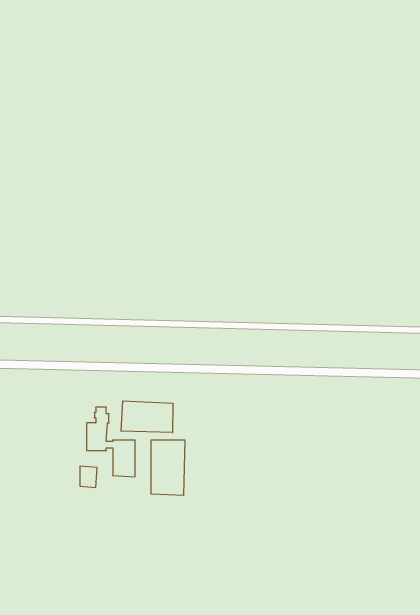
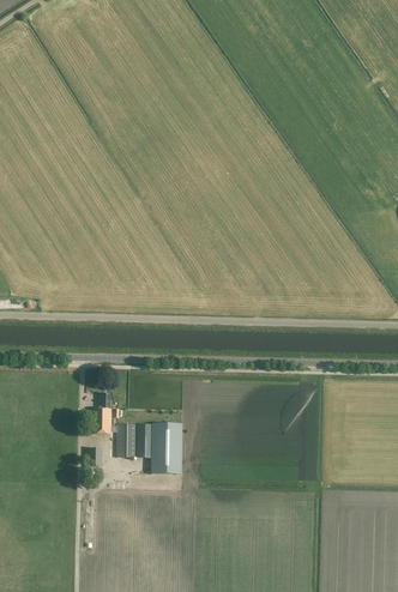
building: [121,401,173,433] -> none

